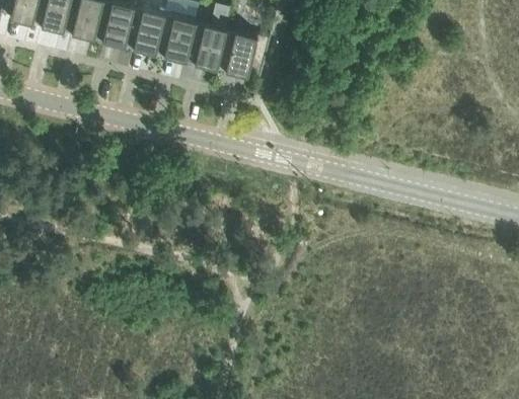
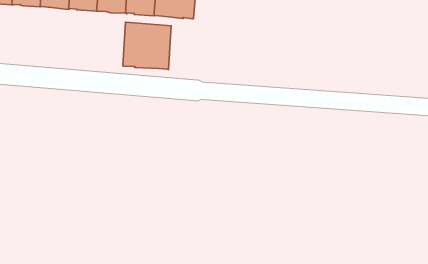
building: none -> [123,22,171,69]

